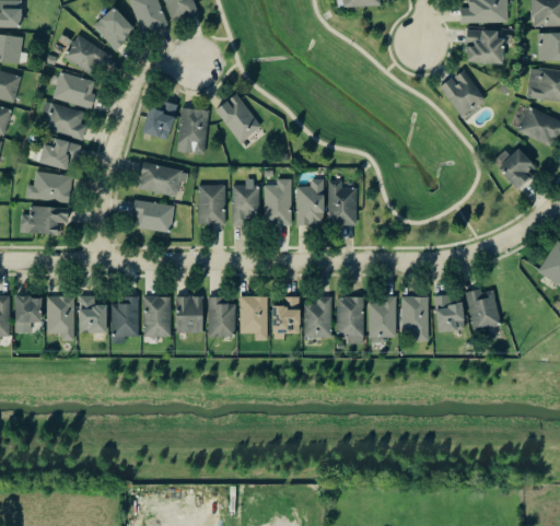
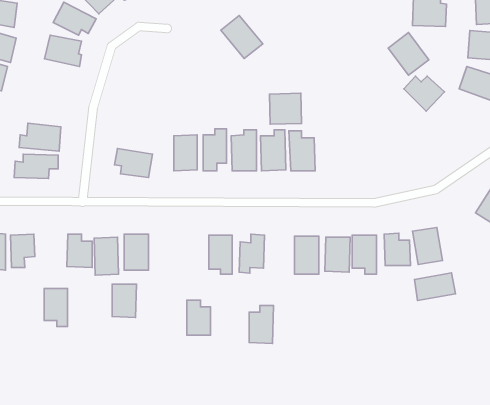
building: [215,94,262,142] -> [221,15,263,58]
building: [143,102,177,140] -> none
building: [44,103,88,139] -> none
building: [178,107,209,154] -> none
building: [40,136,82,171] -> none
building: none -> [270,93,302,124]
building: [492,149,538,188] -> [404,76,445,111]
building: [138,162,189,197] -> none
building: [176,296,203,334] -> [112,284,137,317]
building: [209,296,235,336] -> [187,300,210,335]
building: [305,296,332,339] -> [249,306,274,344]
building: [45,299,71,341] -> [44,288,68,326]
building: none -> [415,273,455,301]

